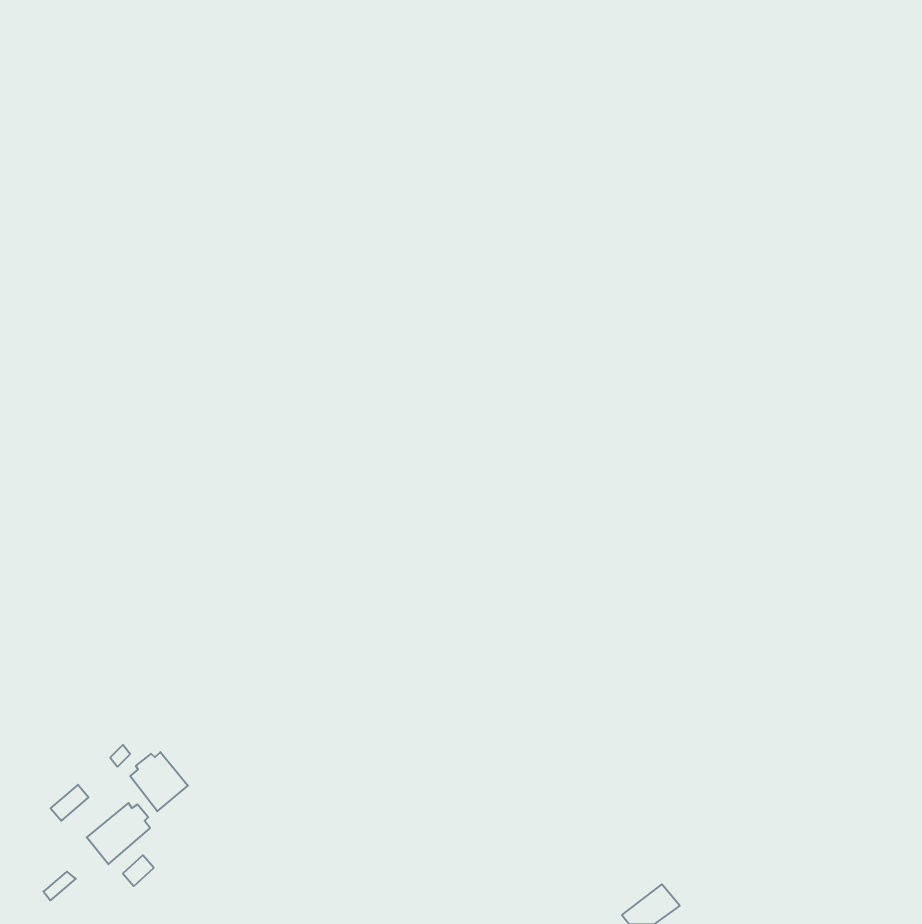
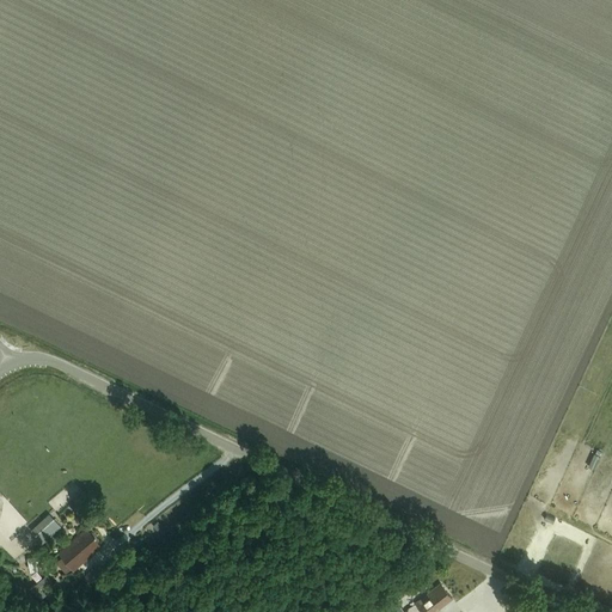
building: [130,752,188,811] -> none

